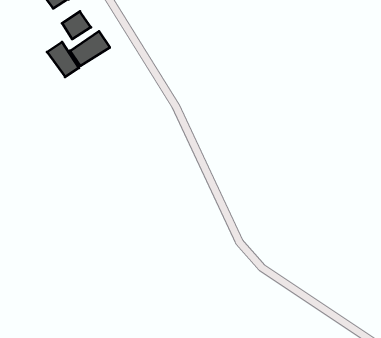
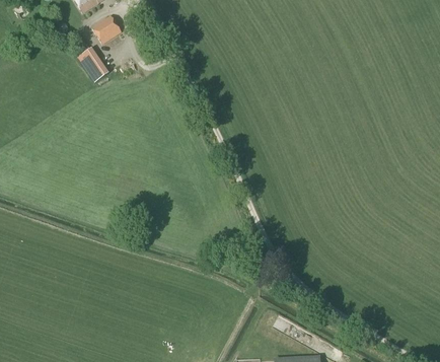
building: [70,31,110,66] -> none

